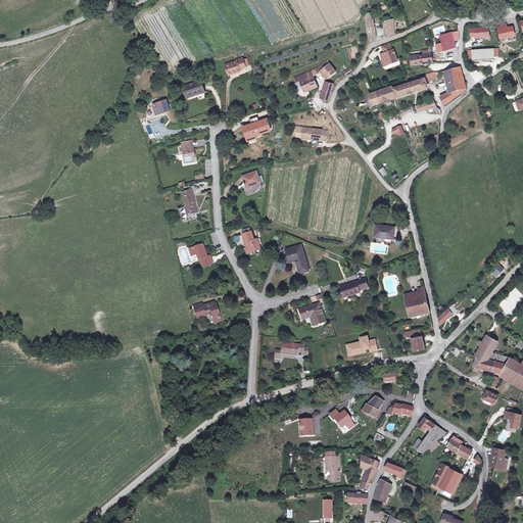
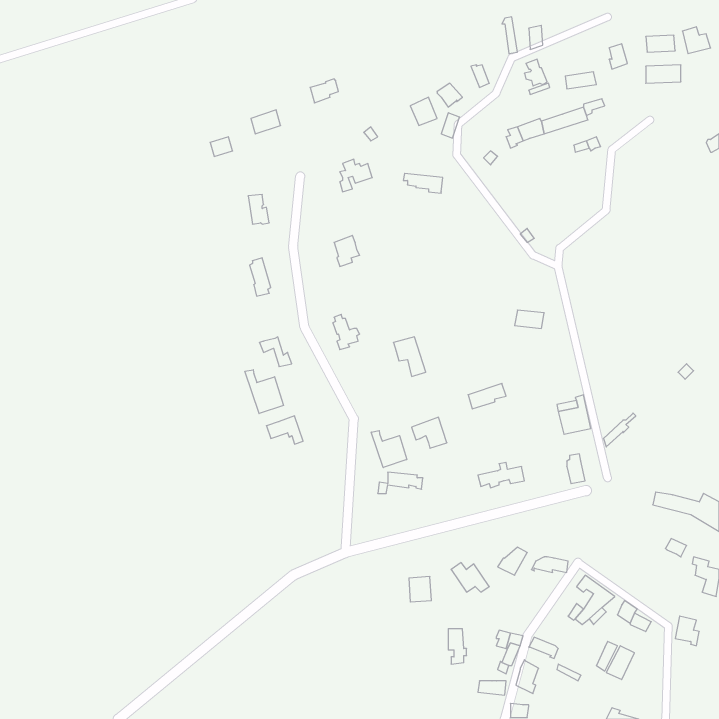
building: [440,65,465,105] -> none
building: none -> [245,370,283,414]
building: none -> [371,431,407,468]
building: [475,335,510,364] -> none

